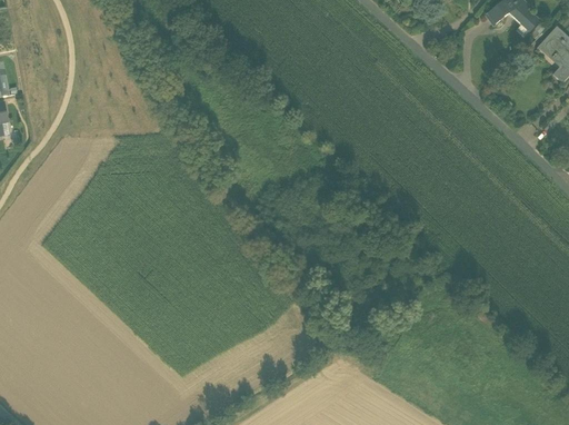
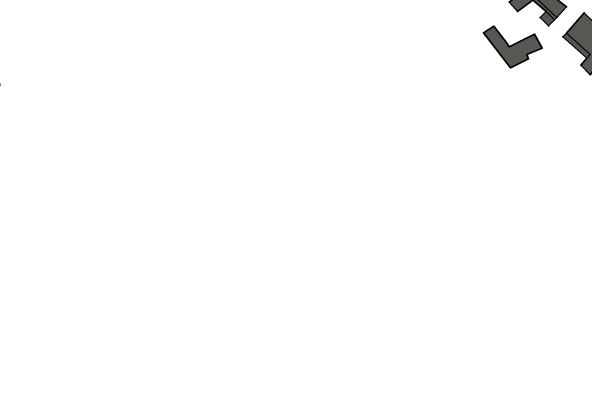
building: none -> [484,26,542,68]

